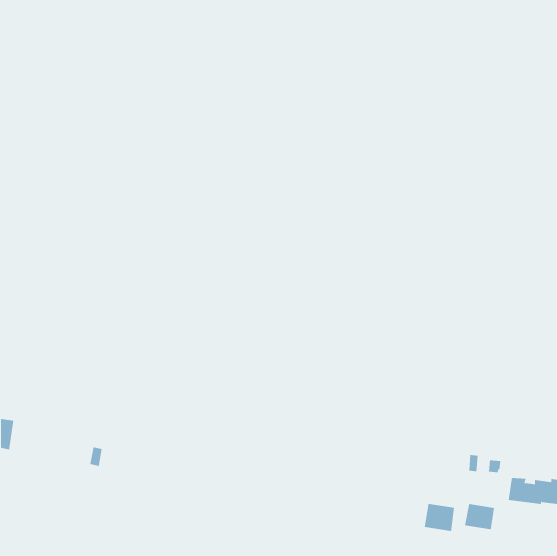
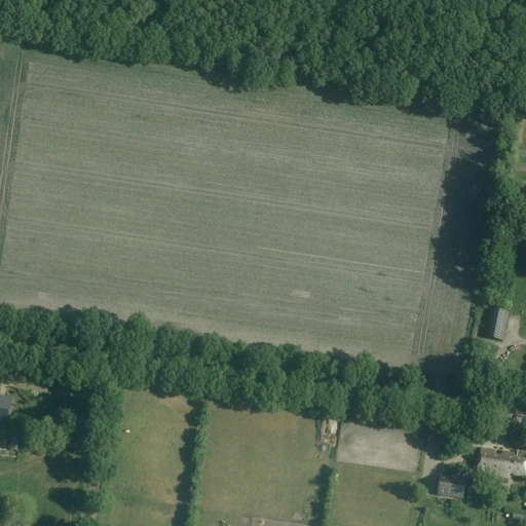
building: none -> [486,308,510,340]
building: [424,503,455,532] -> none

